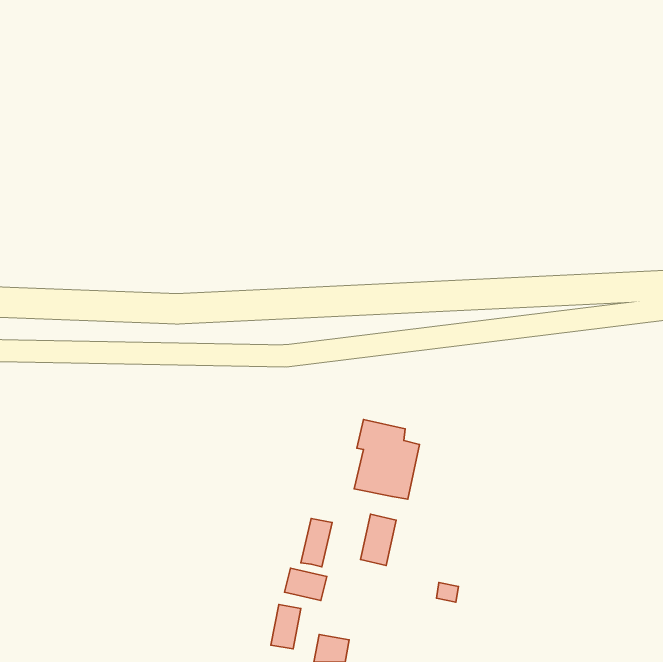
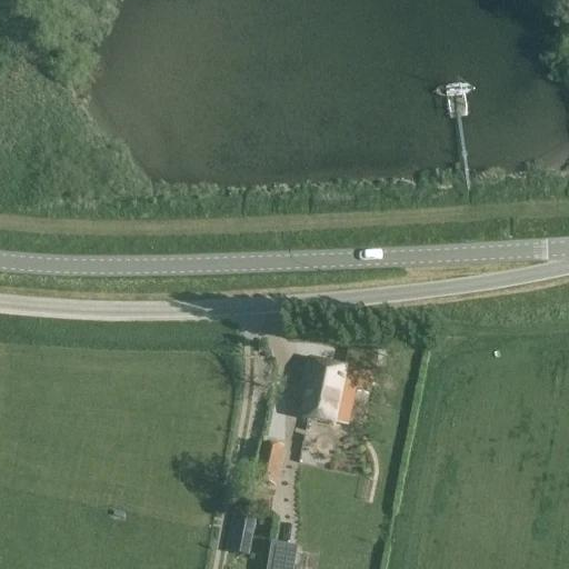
building: [361,514,396,565] -> none
building: [285,568,327,601] -> none

